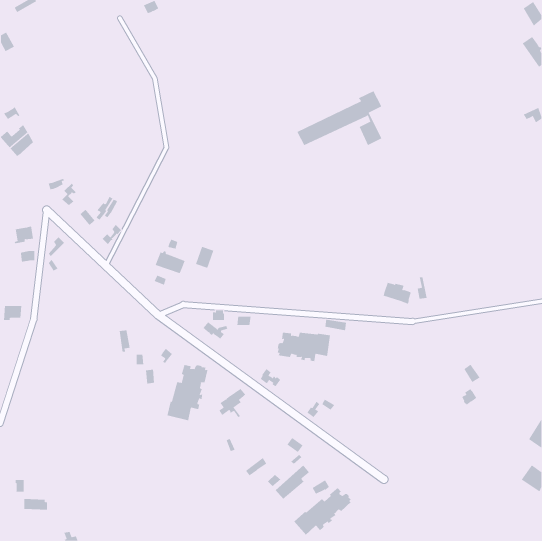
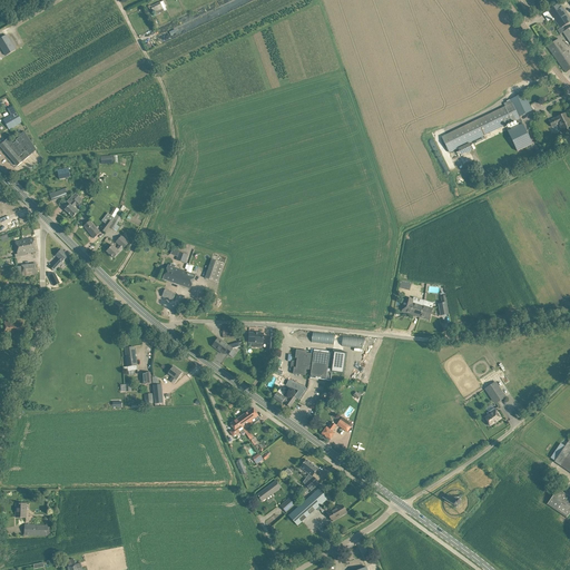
building: [296,91,382,146] -> [442,92,532,150]
building: [167,364,208,421] -> none
building: [293,487,352,536] -> none

